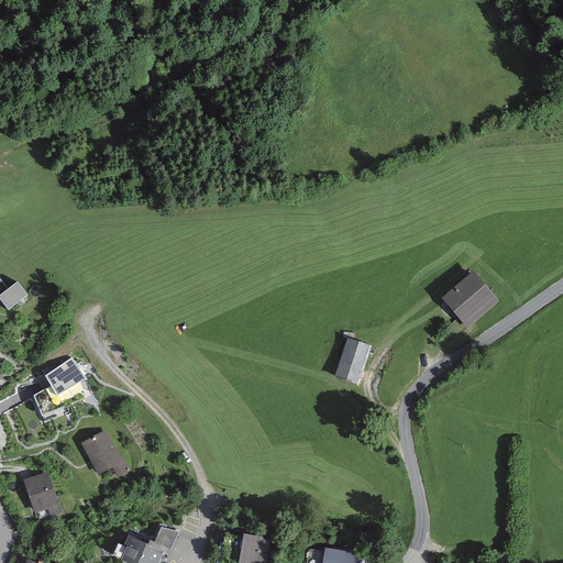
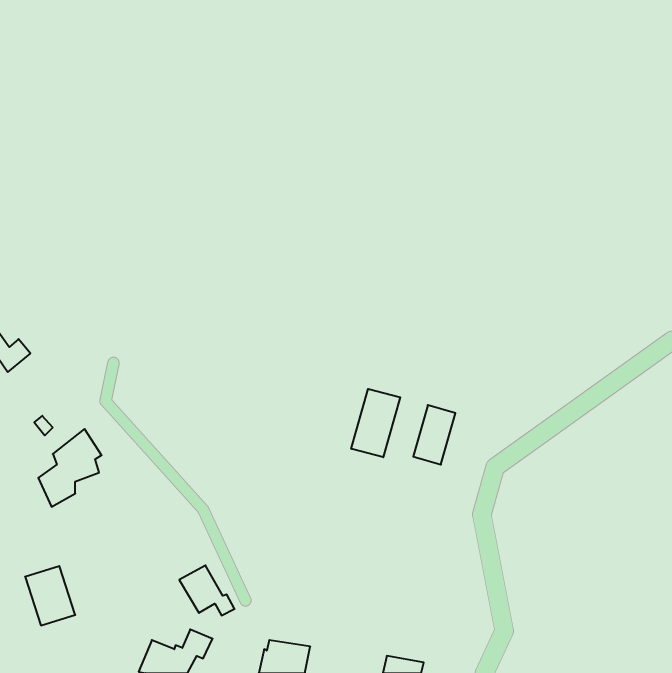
building: [445,272,501,324] -> none
building: none -> [351,389,400,457]
building: [81,432,128,474] -> [179,565,235,615]

